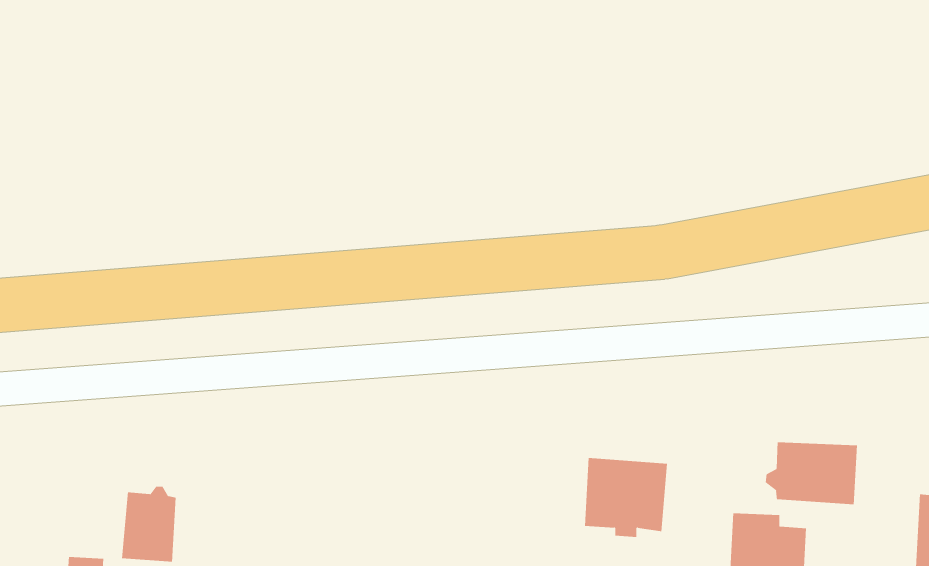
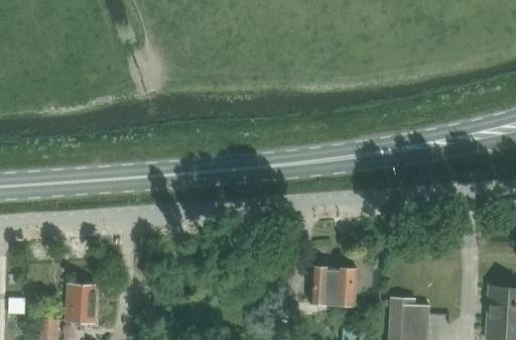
building: [765,442,857,505] -> none

